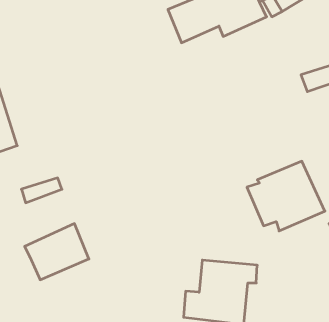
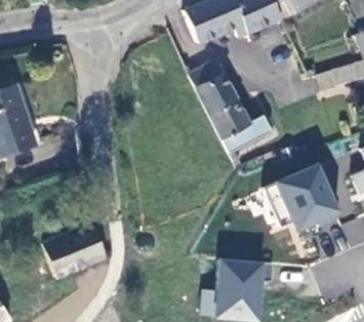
building: none -> [190,64,273,154]

